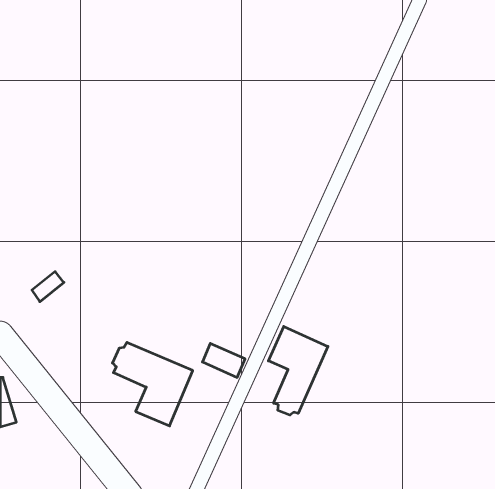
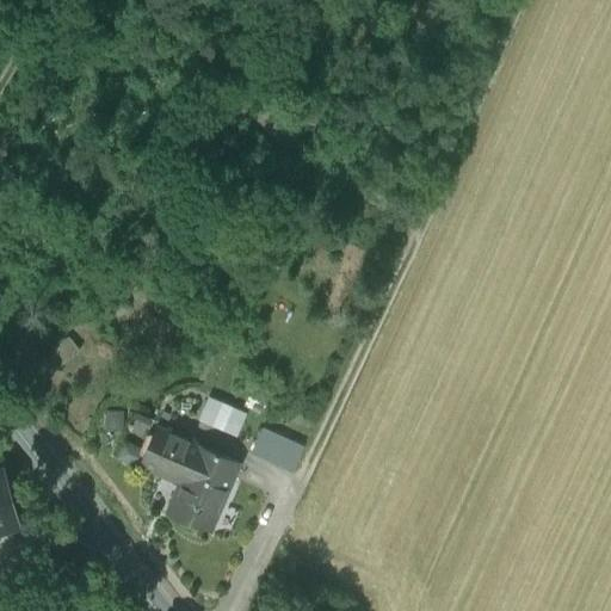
building: none -> [199,396,248,438]
building: [268,326,328,415] -> none

